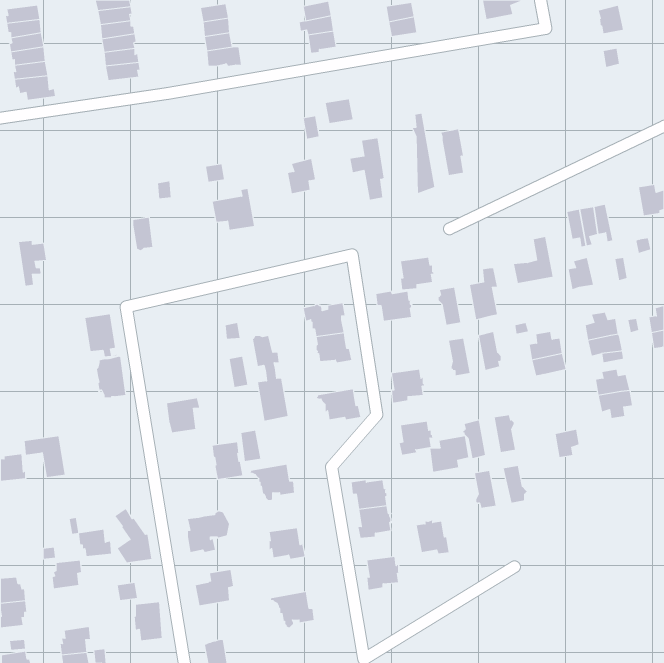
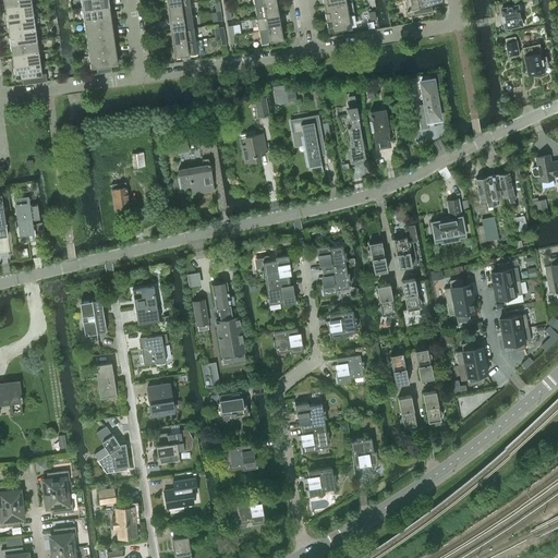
building: none -> [522,45,548,75]
building: none -> [417,81,439,124]
building: [400,257,434,290] -> [322,267,350,294]
building: [85,314,117,357] -> [132,287,159,323]
building: none -> [456,342,484,366]
building: [430,435,469,473] -> none
building: [24,436,66,477] -> [82,363,117,398]
building: [212,442,243,479] -> [147,384,173,415]
building: [78,529,112,557] -> [45,492,73,514]

